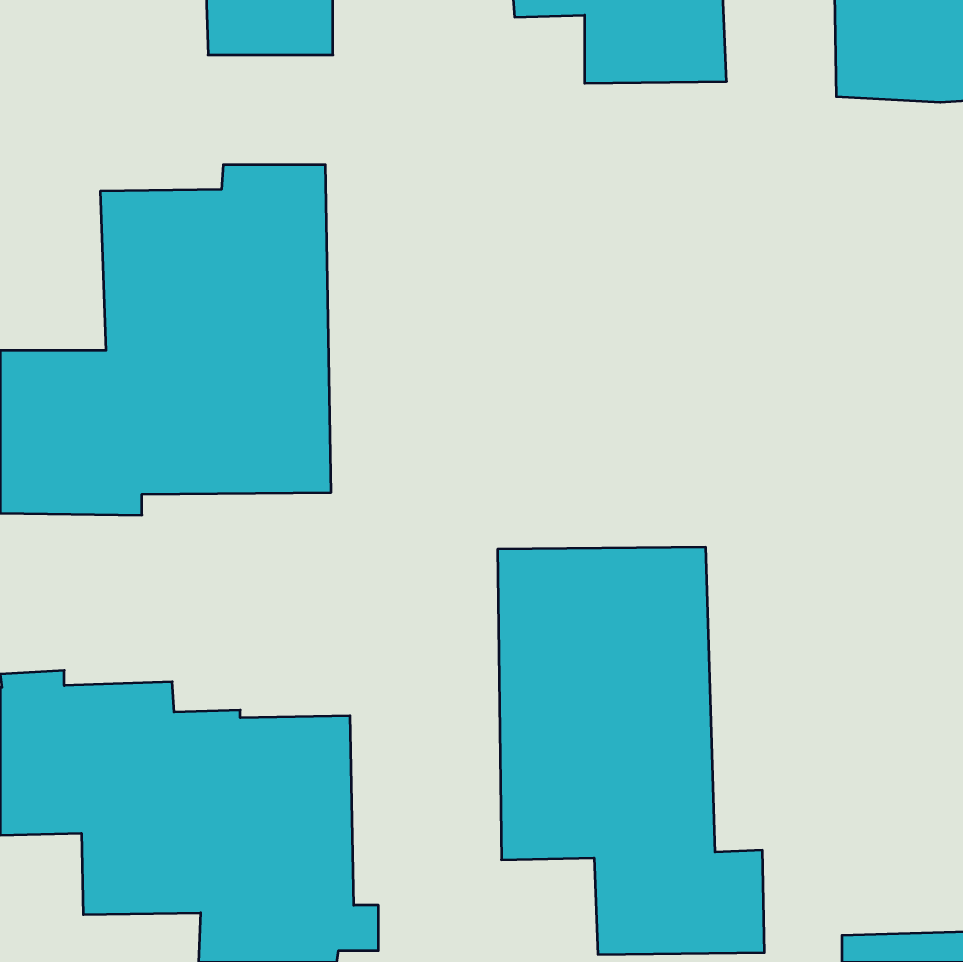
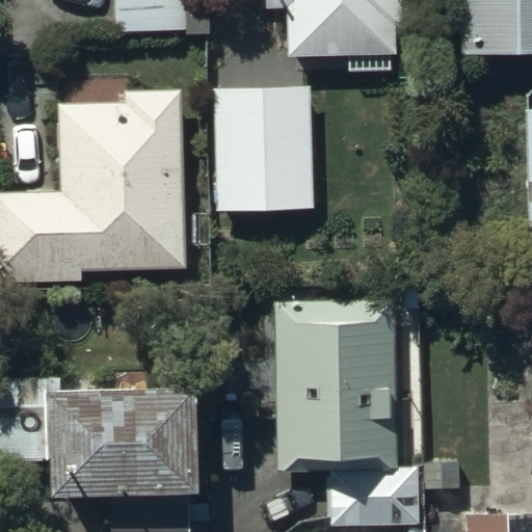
building: none -> [217,68,314,219]

